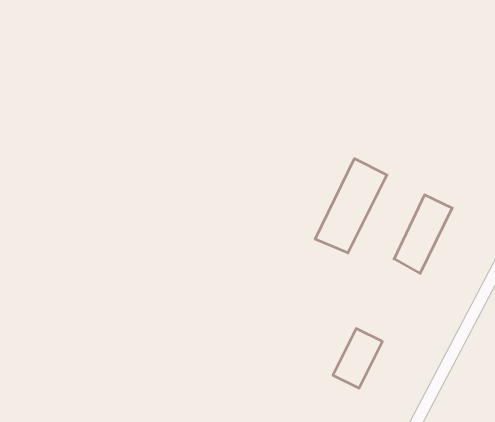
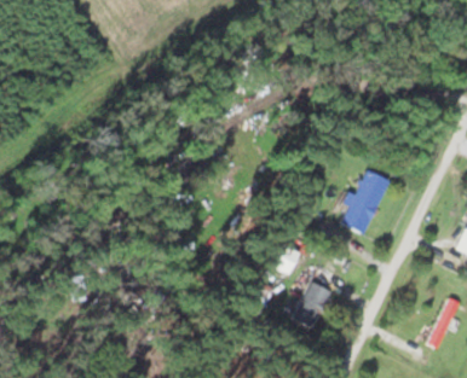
building: [315,159,387,253] -> none

